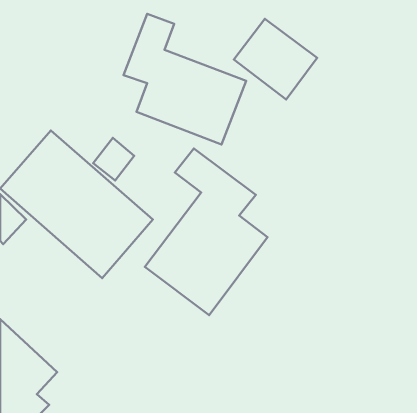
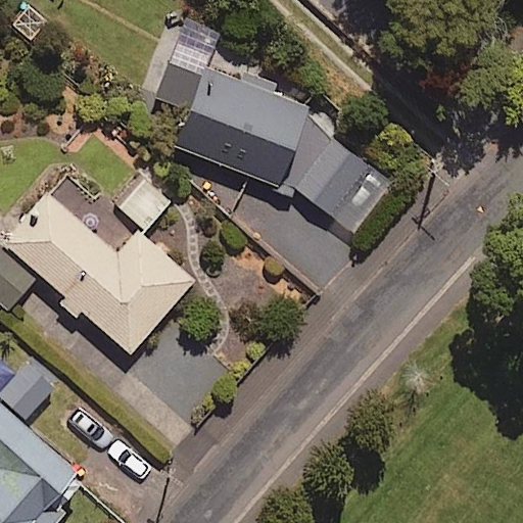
building: [234,19,317,100] -> [288,132,392,233]
building: [145,148,268,315] -> none

